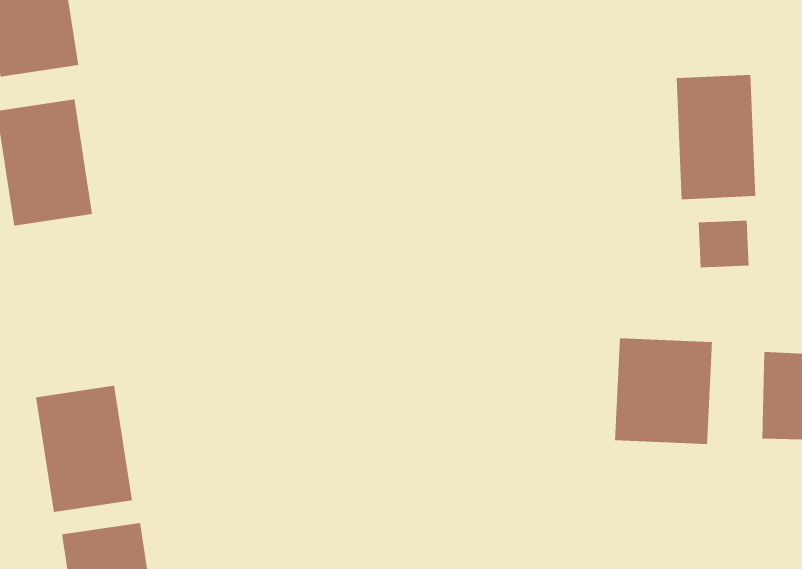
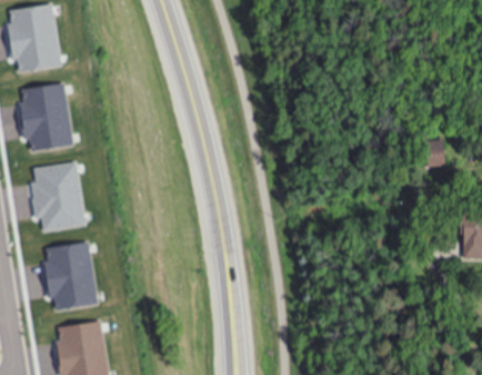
building: [676,74,756,200] -> none
building: none -> [30,161,86,234]
building: [615,337,712,445] -> none

